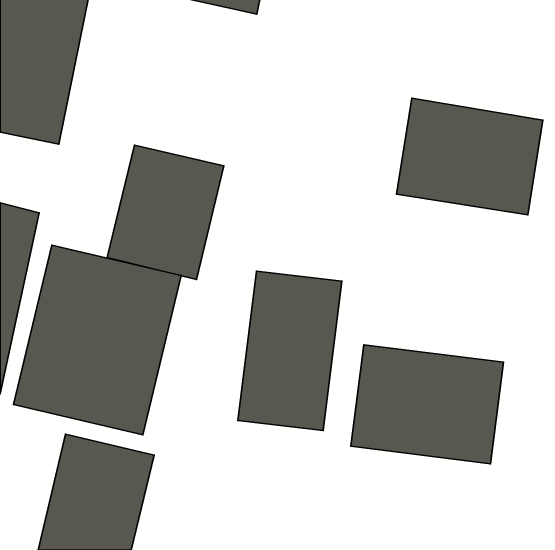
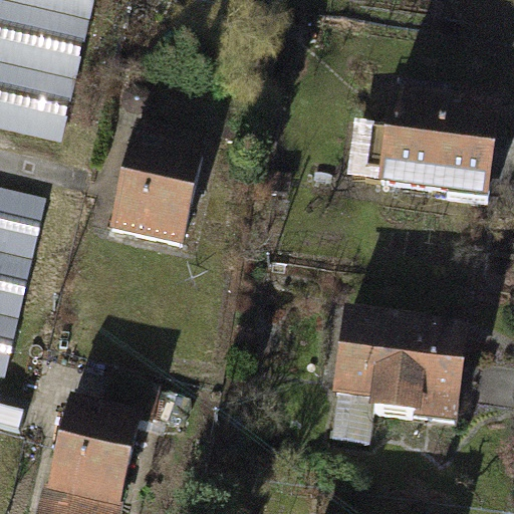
building: [14,245,181,435] -> none
building: [238,271,342,431] -> none

